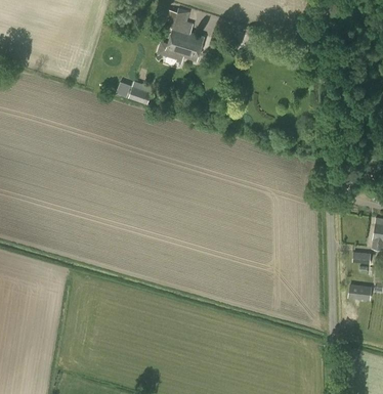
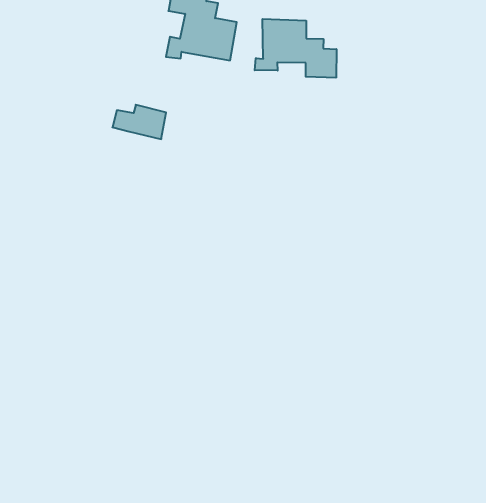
building: none -> [255,19,336,78]

